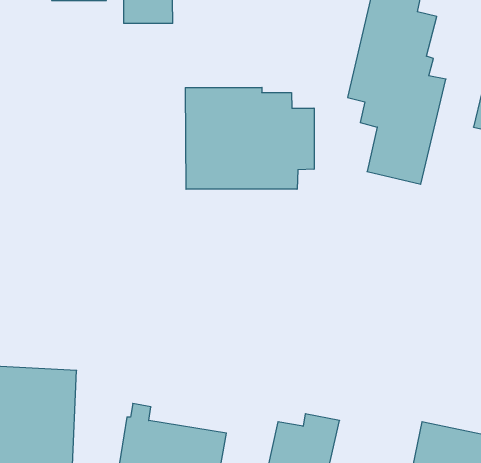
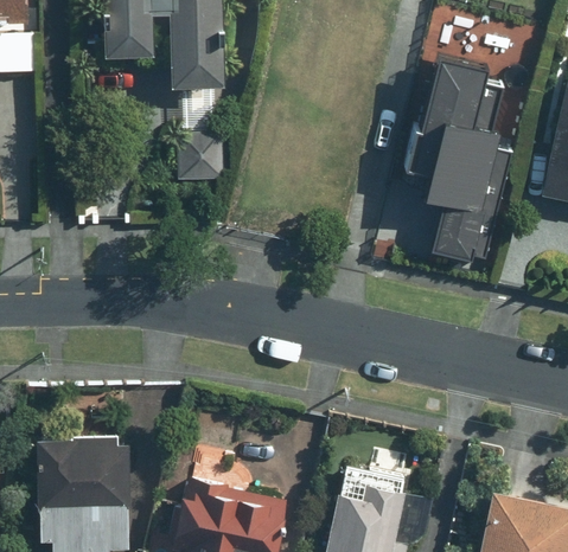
building: none -> [183,133,229,178]
building: [185,87,314,189] -> none

